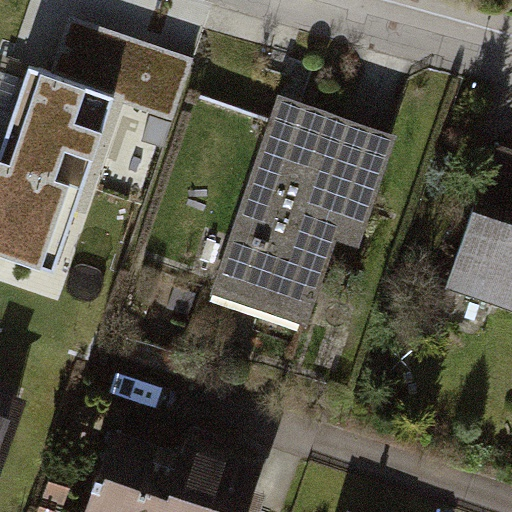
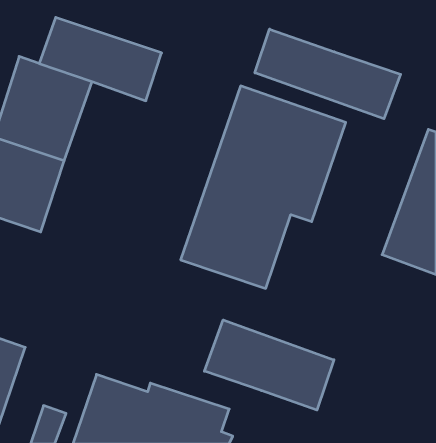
building: none -> [255,29,401,119]
building: none -> [204,320,334,410]

